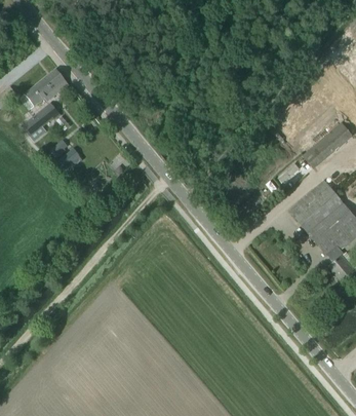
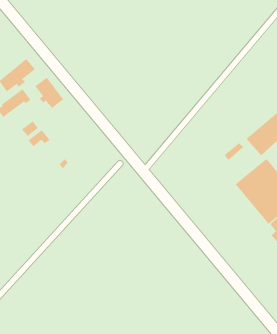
building: none -> [34,77,64,109]

